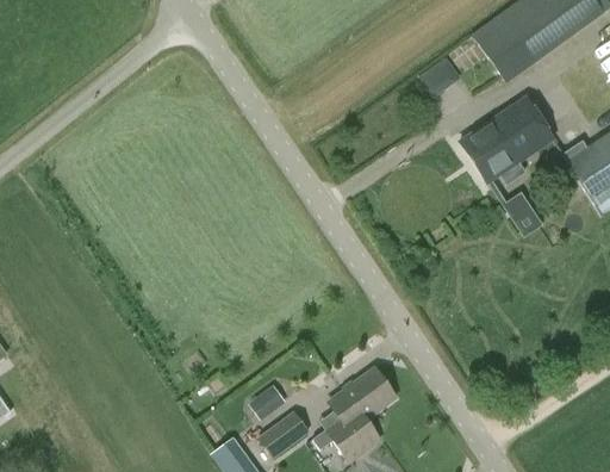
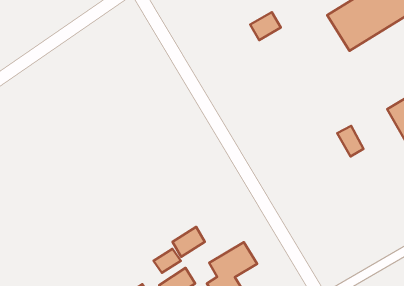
building: [415,55,459,97] -> [250,12,281,40]
building: [460,97,555,184] -> none
building: none -> [172,227,205,257]

